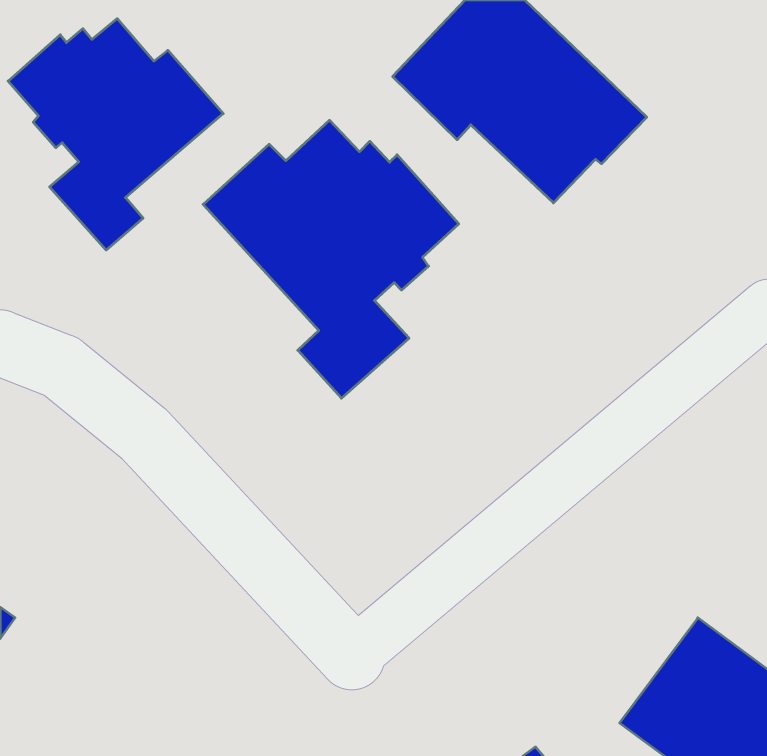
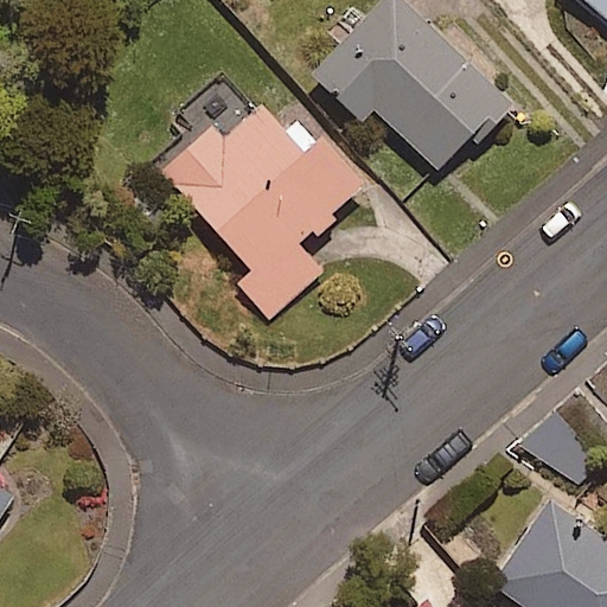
building: [8,19,223,250] -> none

